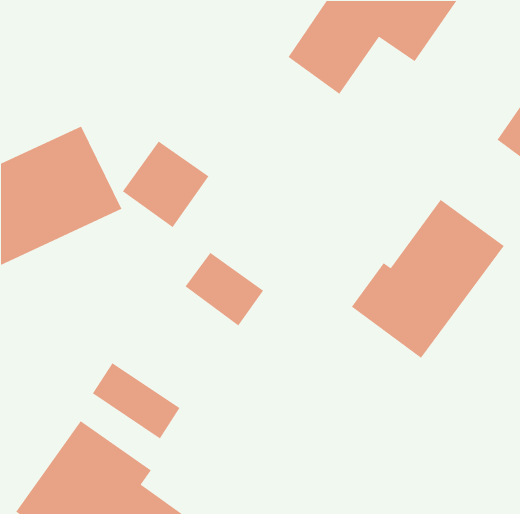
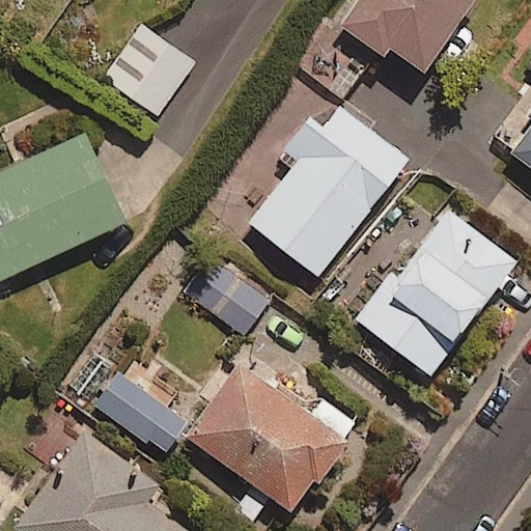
building: none -> [251,108,408,276]
building: [122,141,210,228] -> [106,29,195,118]
building: none -> [185,360,358,513]

